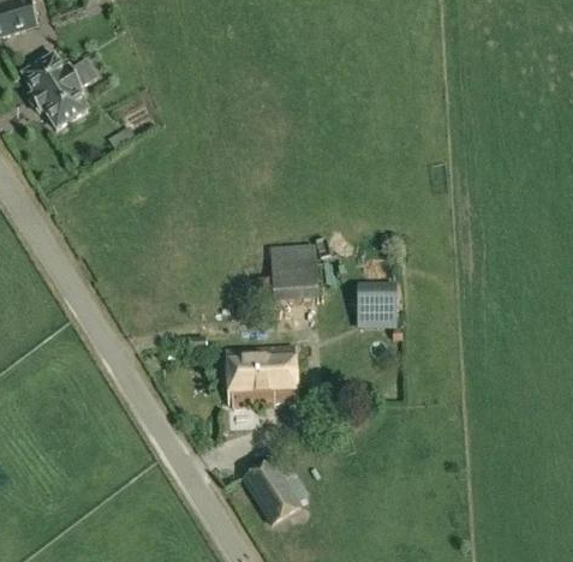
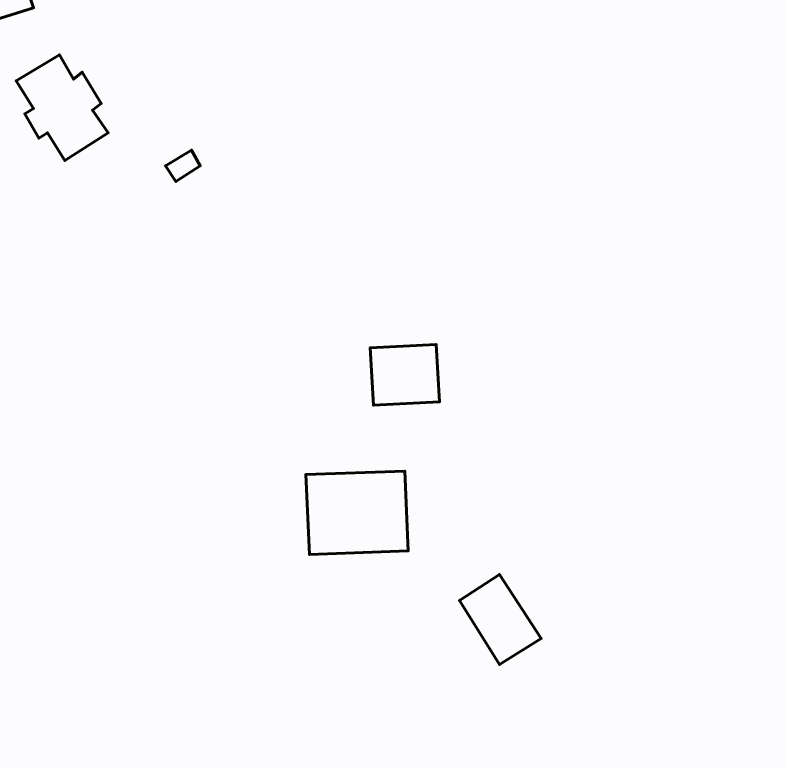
building: [358,281,396,313] -> none
building: [244,461,300,524] -> [460,574,541,665]

